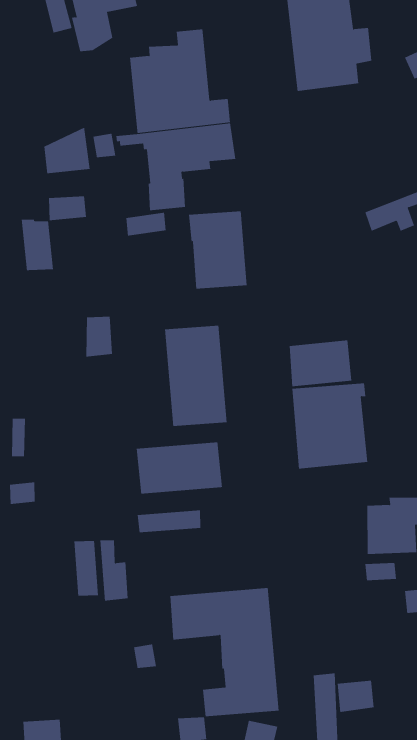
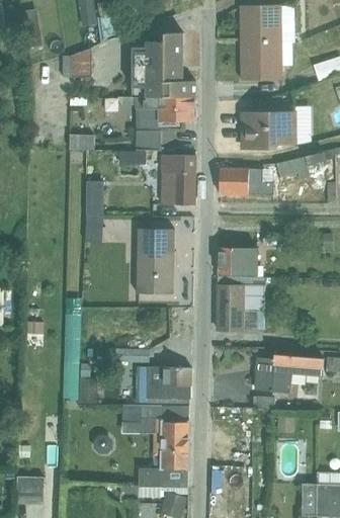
building: [44,127,91,174] -> [63,48,92,76]
building: none -> [242,110,296,149]
building: [21,219,54,271] -> [85,180,103,215]
building: none -> [220,168,274,194]
building: [136,442,223,494] -> [137,366,191,398]

